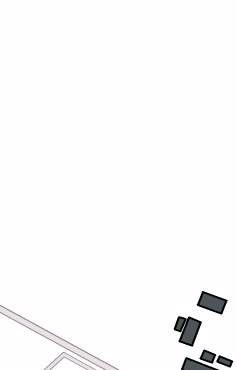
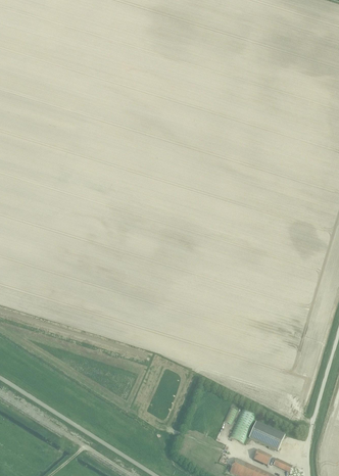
building: [198,292,227,313] -> [247,422,283,449]

